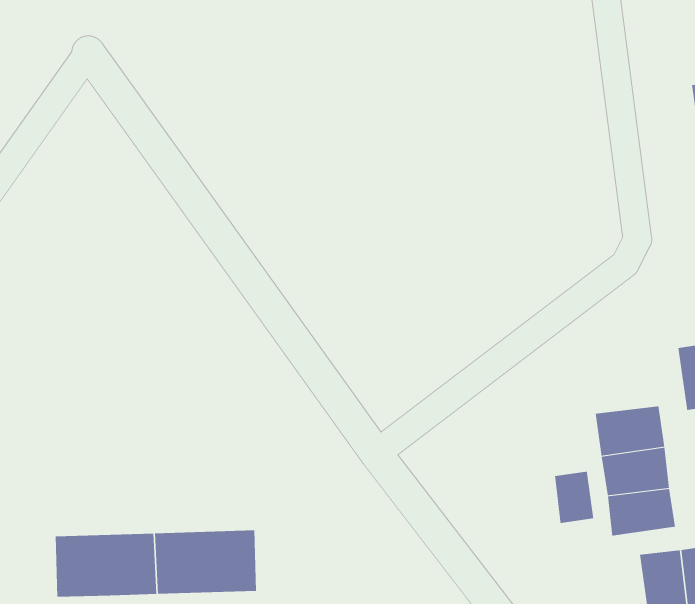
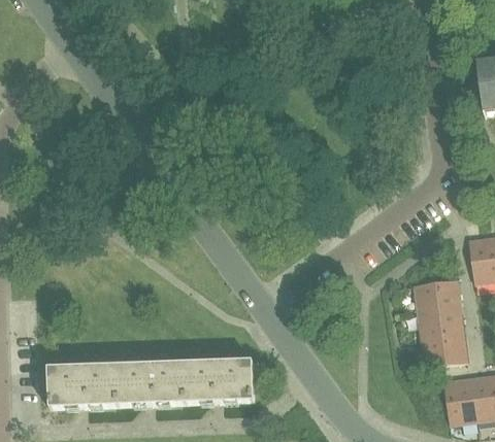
building: [555,471,594,524] -> none
building: none -> [185,358,255,401]

